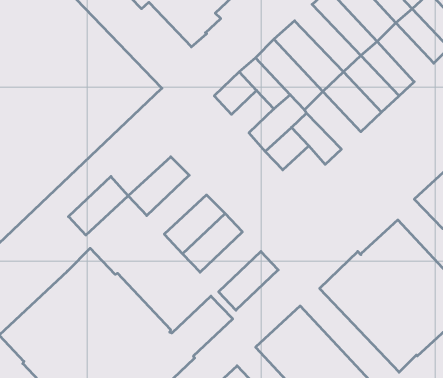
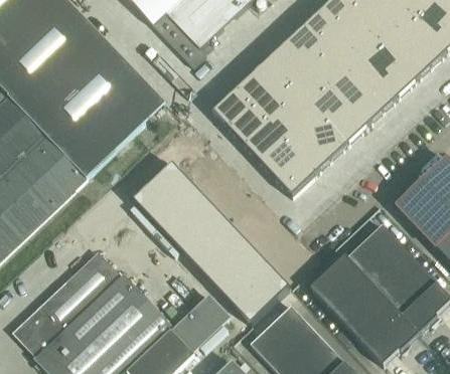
building: none -> [287,24,348,86]
building: none -> [363,41,416,96]
building: none -> [229,104,268,143]
building: none -> [296,105,348,158]
building: none -> [276,155,315,194]
building: [68,176,128,235] -> [150,182,205,236]
building: none -> [199,234,256,290]
building: none -> [233,269,289,325]

